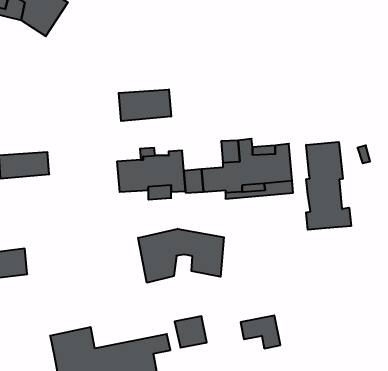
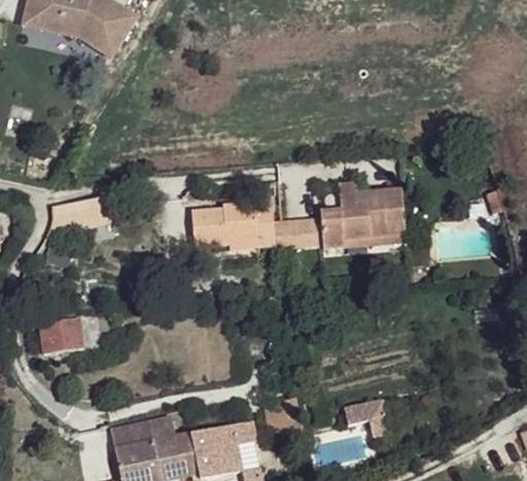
building: [119,89,171,121] -> none
building: [306,142,351,230] -> none
building: [138,229,224,283] -> none

